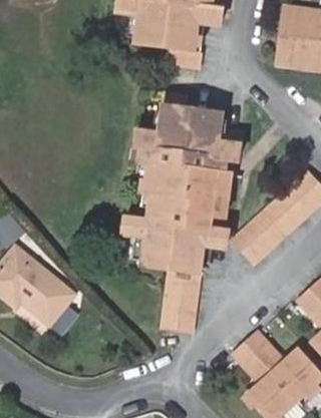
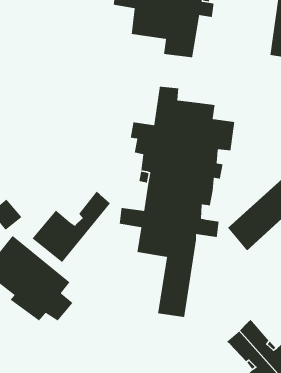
building: none -> [31,190,111,263]

